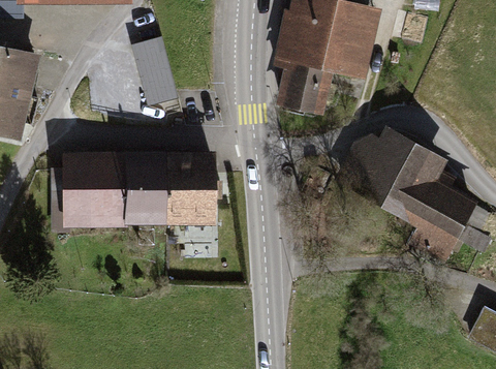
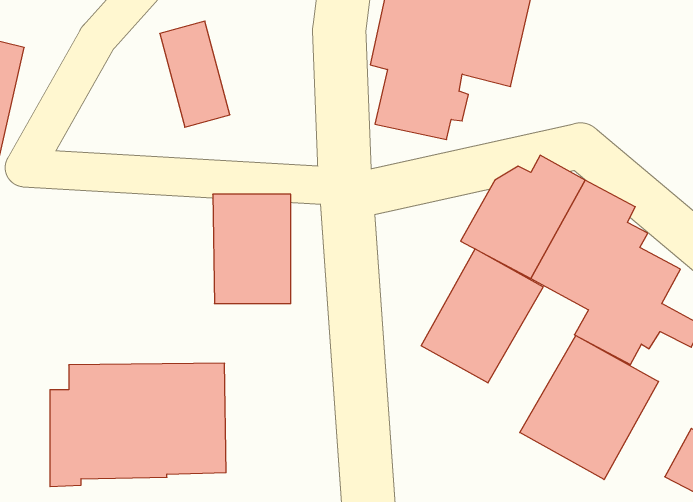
building: [51,151,167,233] -> [50,363,226,487]
building: none -> [421,249,543,383]
building: none -> [520,336,659,480]

